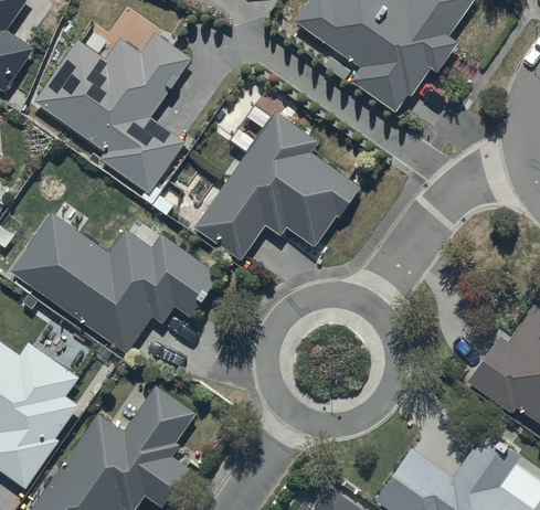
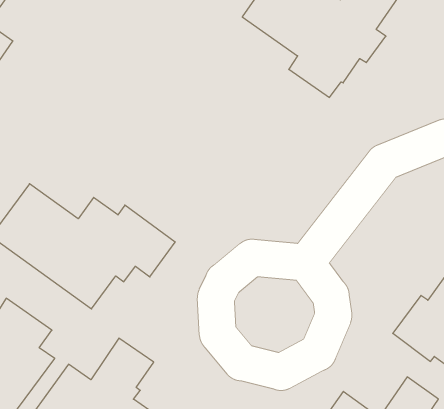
building: [34,34,191,194] -> none
building: [194,114,360,262] -> none

